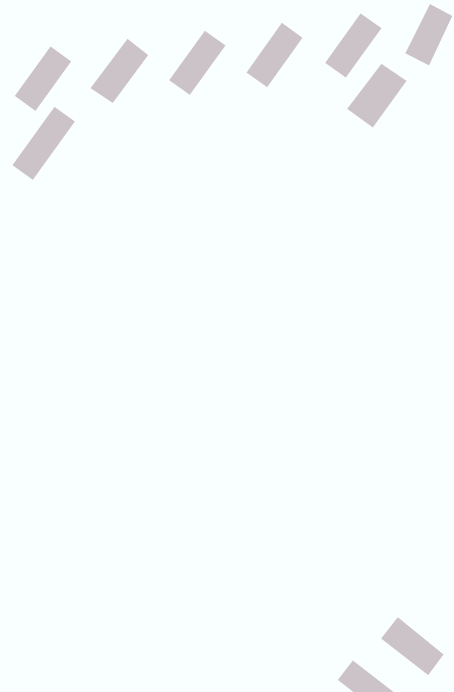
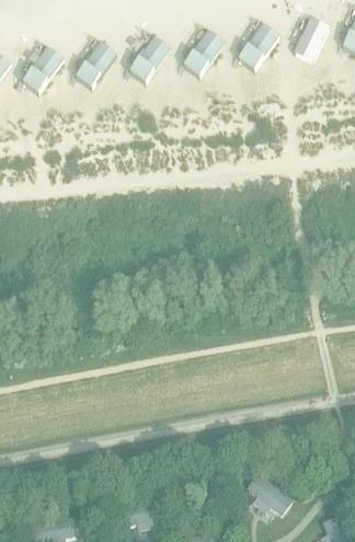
building: [346,63,407,128] -> none
building: [12,106,76,181] -> none
building: [380,616,444,676] -> none

